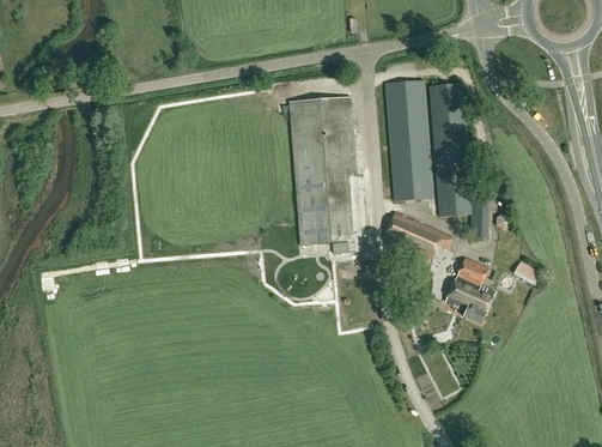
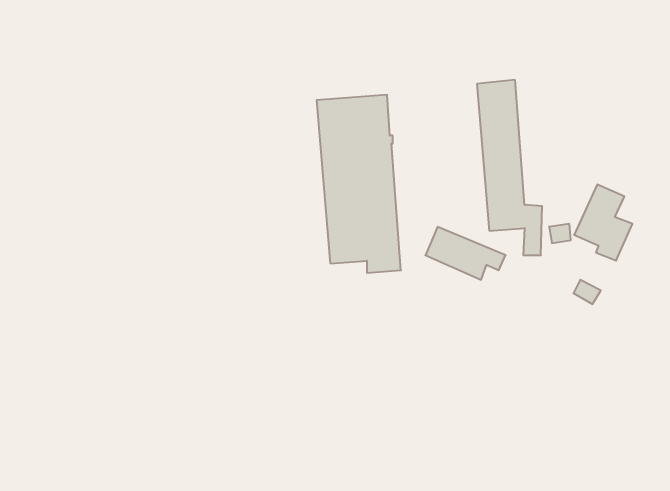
building: [385,79,432,199] -> none
building: [444,256,495,324] -> [574,184,633,261]

